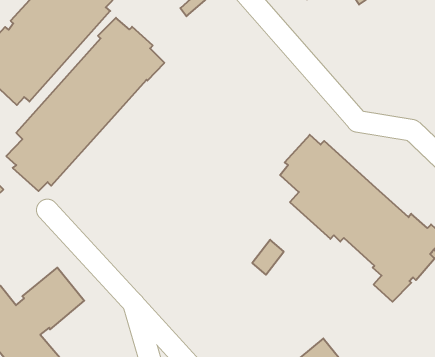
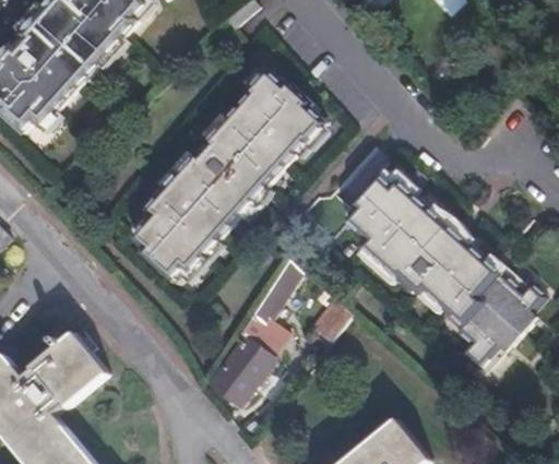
building: [6,18,164,191] -> [134,69,326,279]
building: none -> [209,259,300,405]

